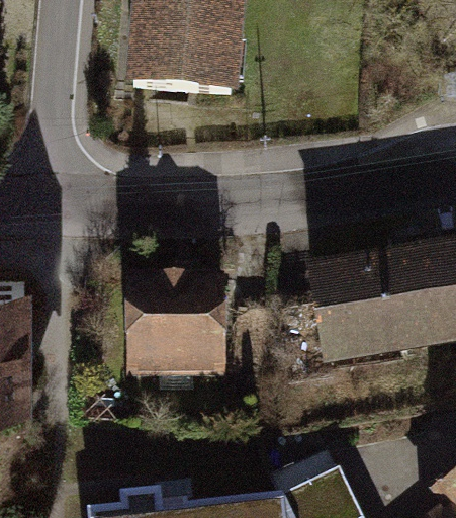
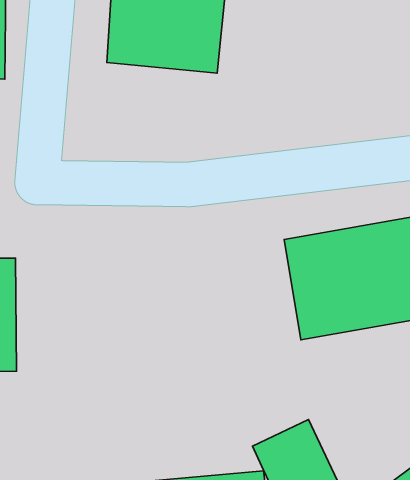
building: [123,275,226,378] -> none

